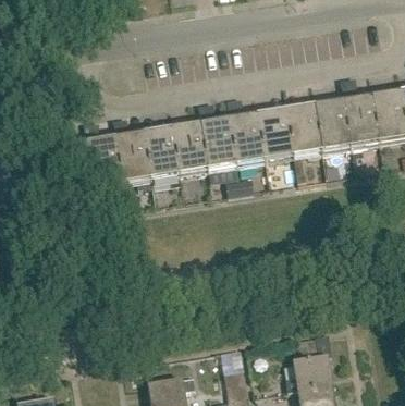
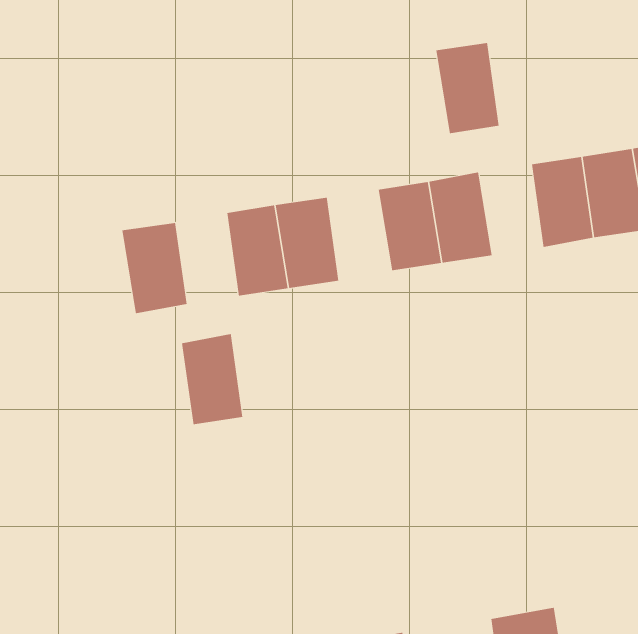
building: [284,104,320,156] -> [435,42,500,134]
building: [199,119,235,170] -> none
building: [114,132,149,183] -> [181,334,243,425]

